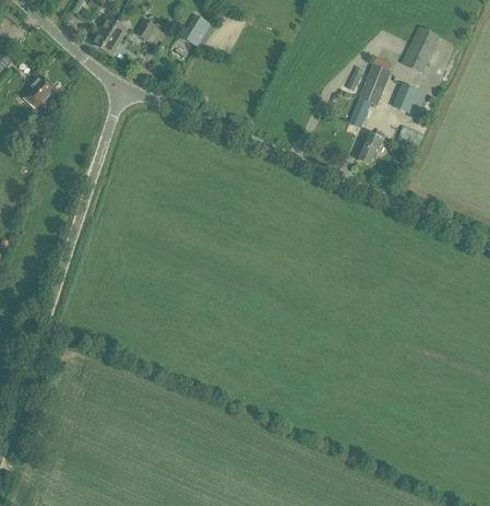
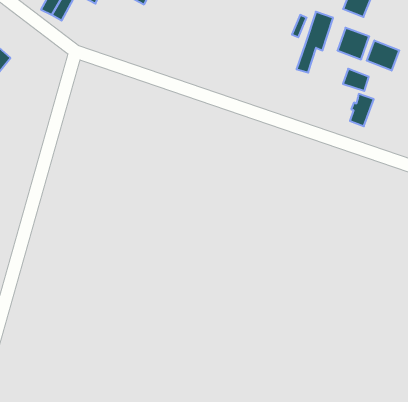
building: none -> [367,40,399,71]
building: [358,131,384,165] -> [350,94,374,126]

